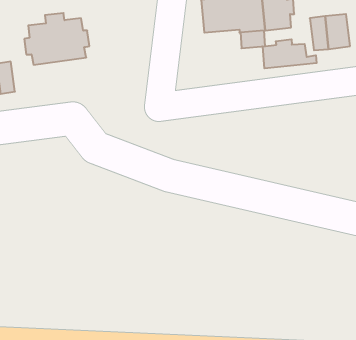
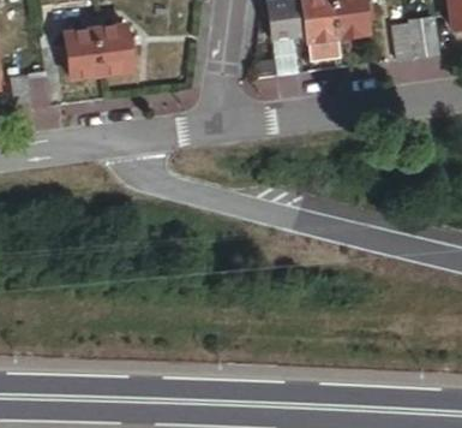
building: [263,39,317,68] -> none

